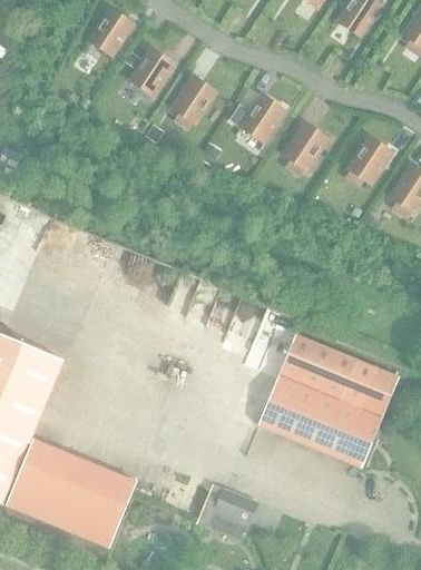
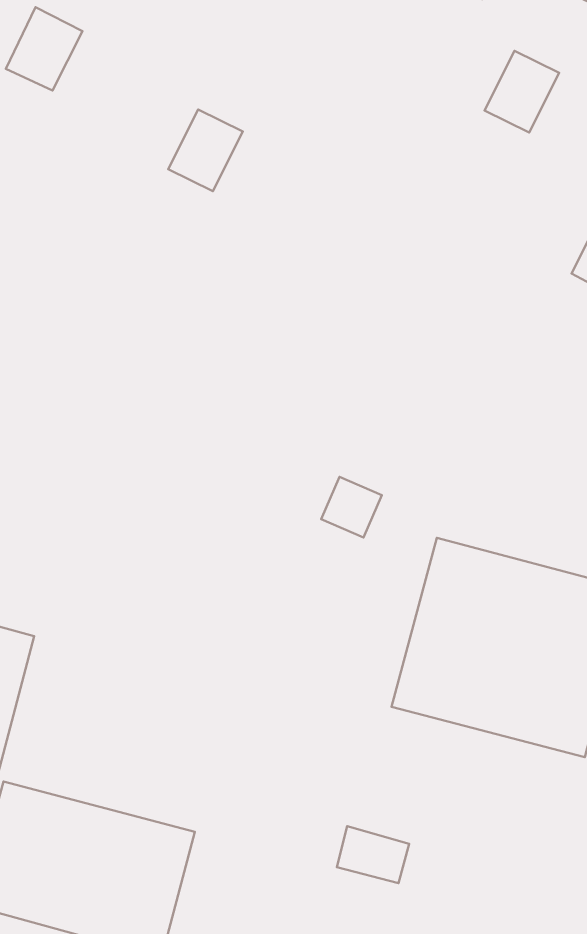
building: [128,47,173,95] -> none
building: [228,94,284,141] -> none
building: [282,121,326,169] -> none
building: [346,136,391,183] -> [484,51,559,132]

